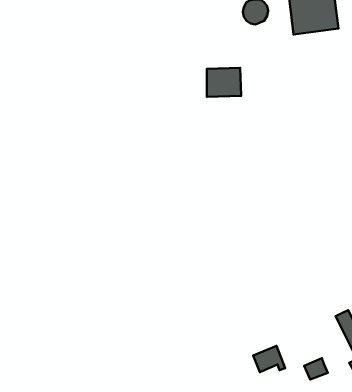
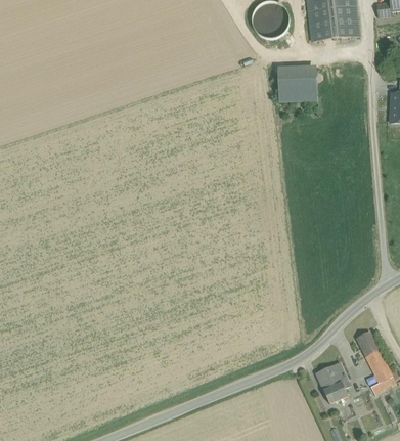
building: [207,68,241,97] -> [279,72,315,102]
building: [253,346,285,372] -> [316,360,350,388]

